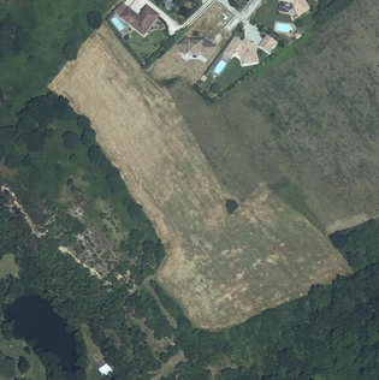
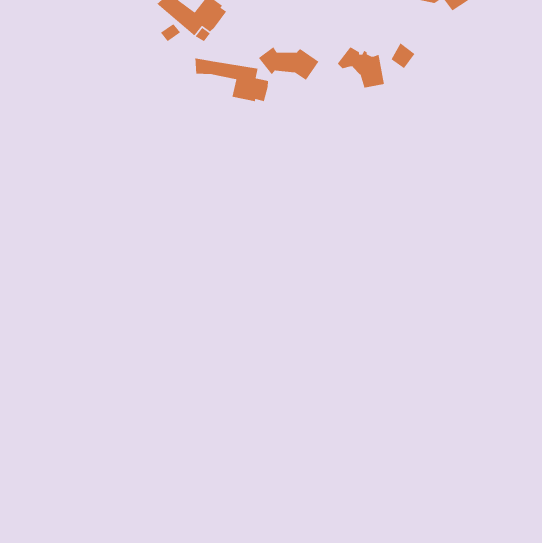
building: none -> [194,58,269,102]

